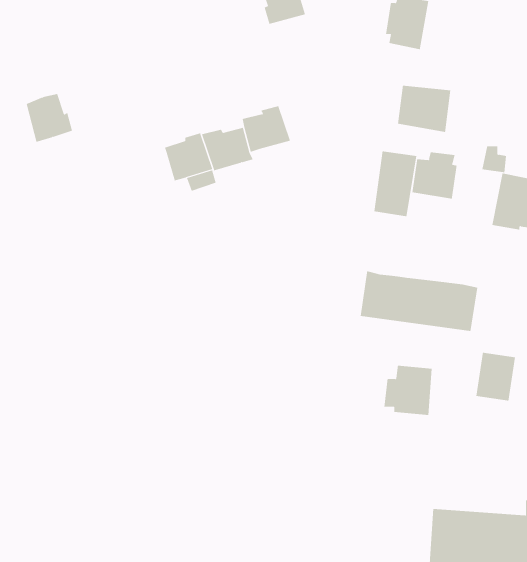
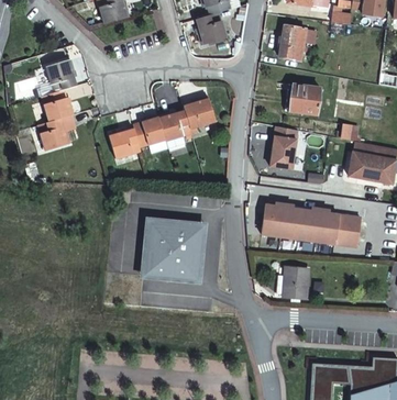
building: none -> [48,59,77,91]
building: none -> [40,118,70,149]
building: [412,152,457,200] -> none
building: none -> [109,127,142,158]
building: none -> [144,221,201,280]
building: [475,352,516,401] -> [334,215,361,247]

